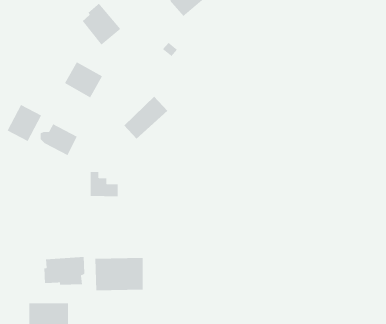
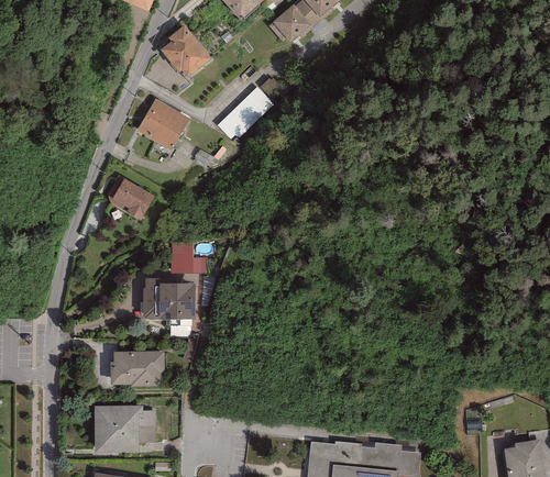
building: [123,96,168,140] -> [217,88,273,143]
building: [7,104,42,142] -> none
building: [95,258,144,291] -> [141,277,202,319]

